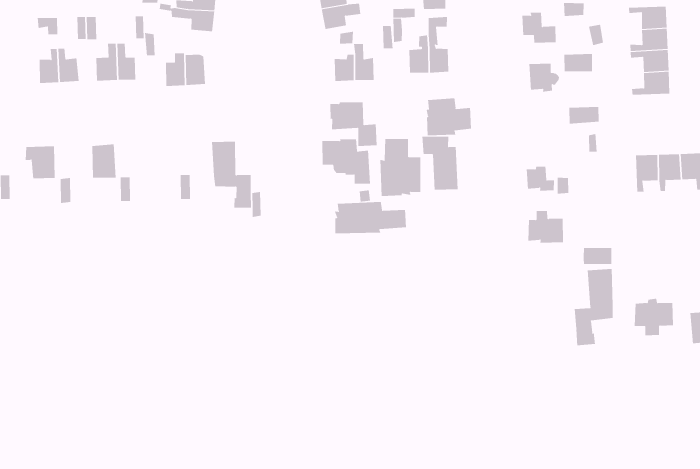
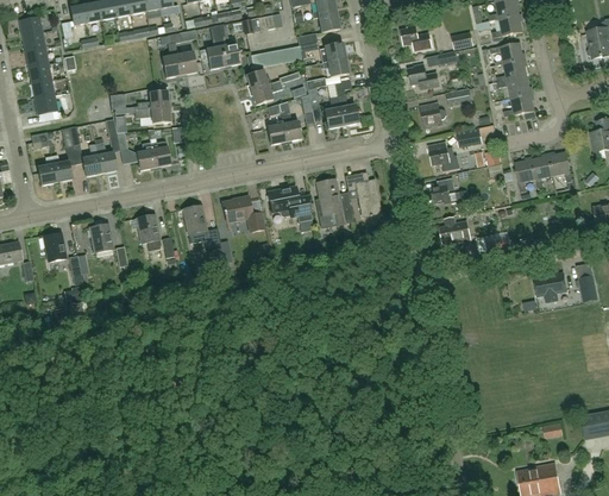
building: [426,98,472,136] -> none
building: [330,102,378,147] -> [222,196,265,232]
building: none -> [428,143,459,171]
building: none -> [137,214,162,250]
building: [334,201,406,234] -> none
building: [574,268,613,346] -> none

